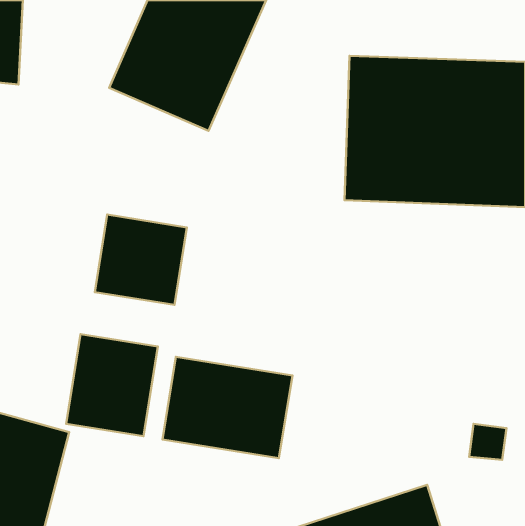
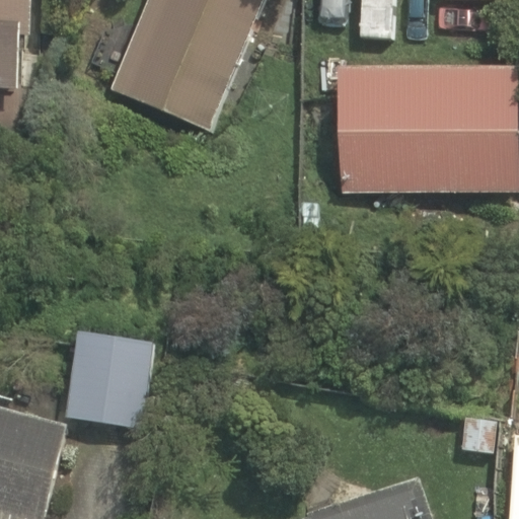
building: [95,215,187,305] -> none
building: [163,357,292,458] -> none

